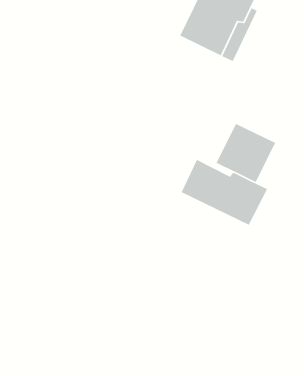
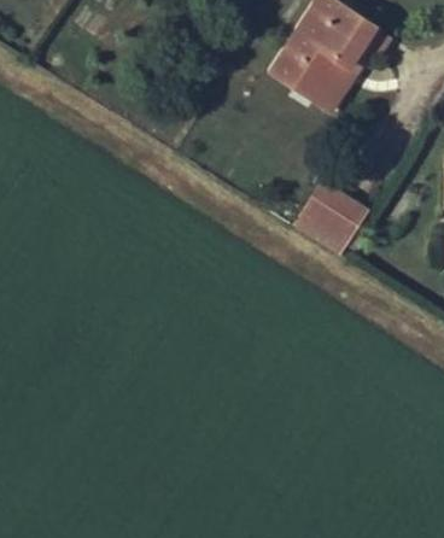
building: [181,159,268,226] -> none

